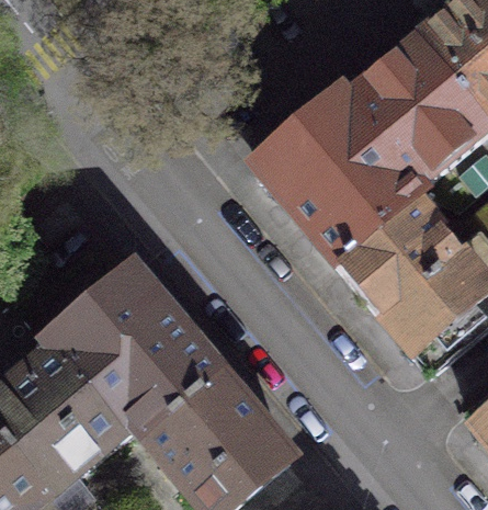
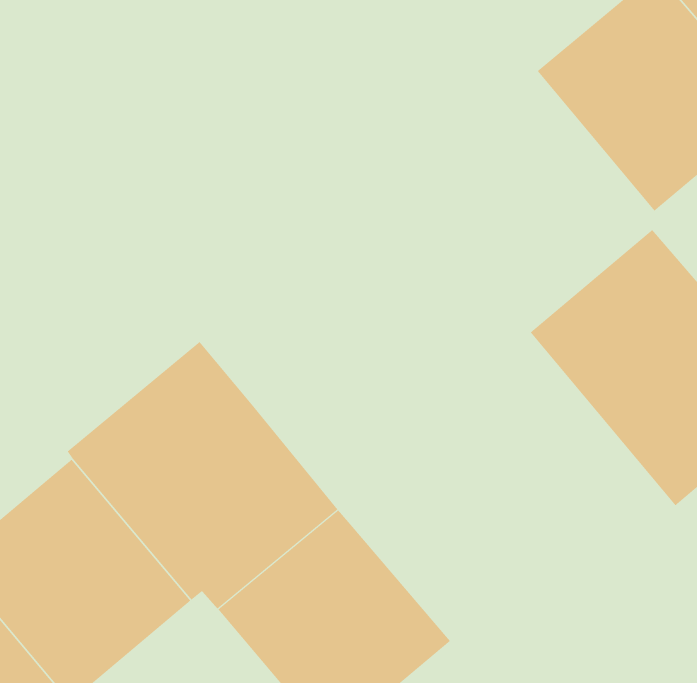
building: [253,90,415,258] -> none

